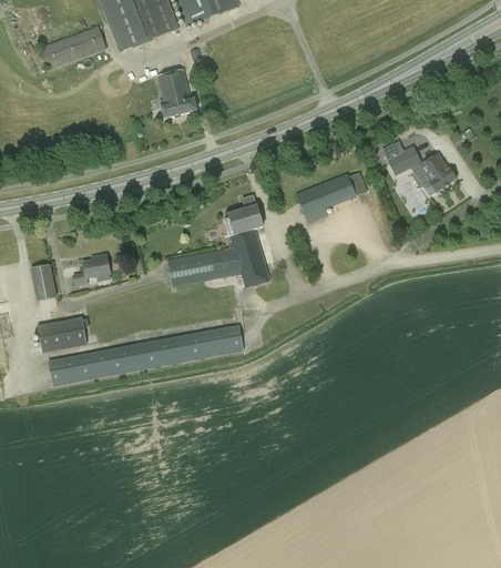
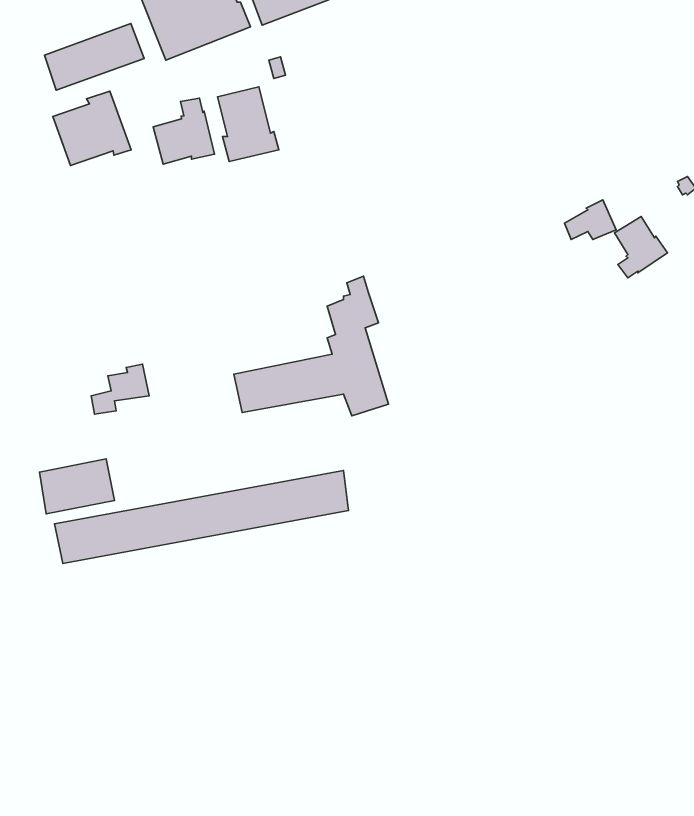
building: none -> [53,91,131,166]
building: none -> [153,98,215,164]
building: [295,171,366,222] -> none
building: [30,264,55,302] -> none

